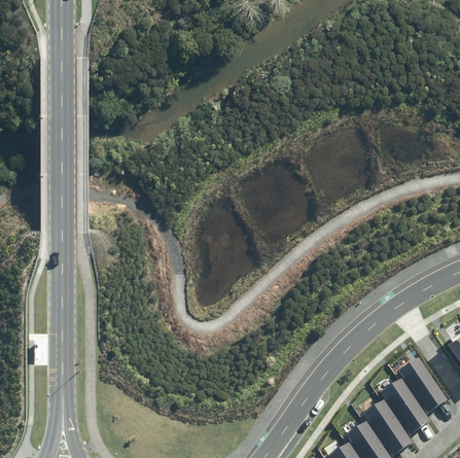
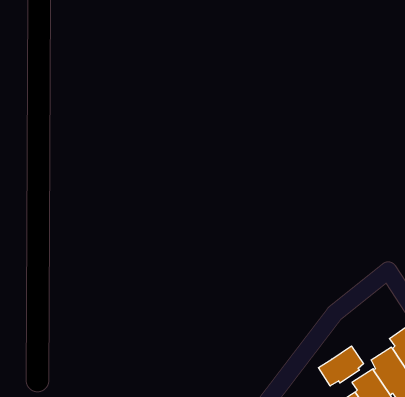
building: none -> [318,346,364,386]

